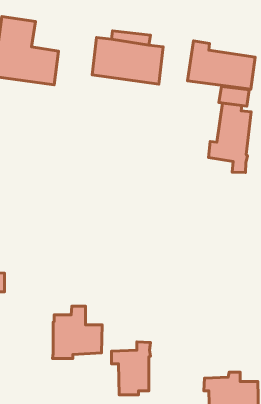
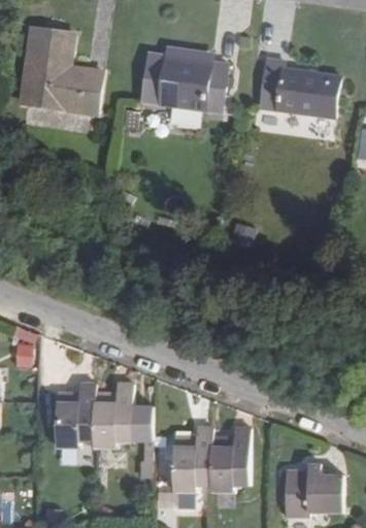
building: [208,103,251,173] -> none
building: none -> [56,383,95,446]
building: none -> [210,427,249,491]

